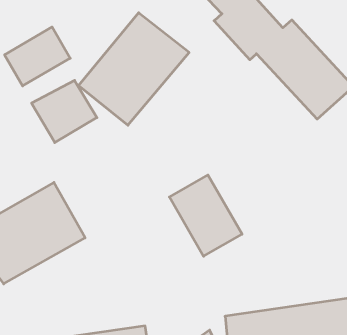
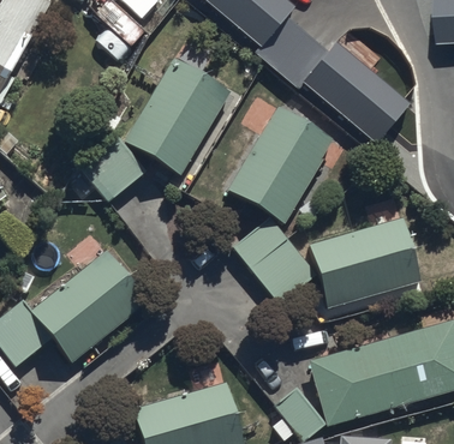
building: [5,27,70,86] -> none
building: none -> [227,109,329,222]
building: none -> [306,218,422,312]

